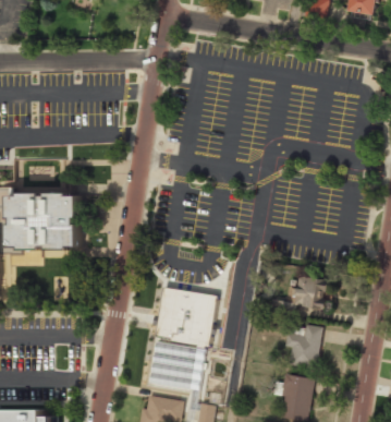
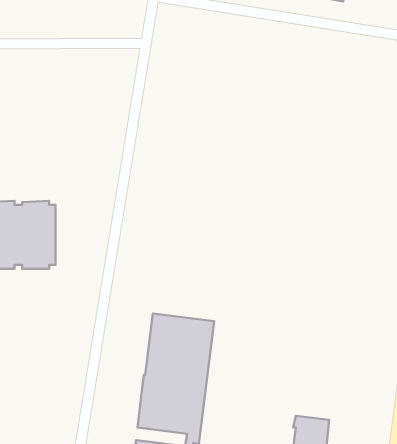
building: [284,276,328,308] -> none
building: [284,324,320,369] -> none

